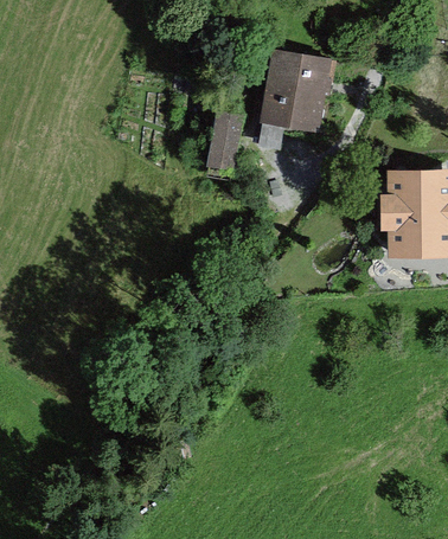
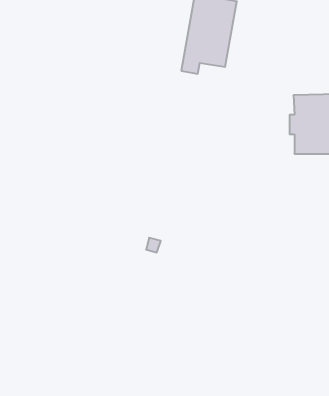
building: [209,109,242,166] -> none

